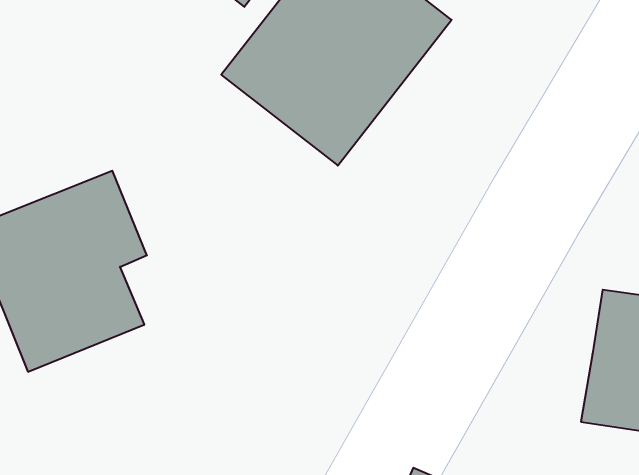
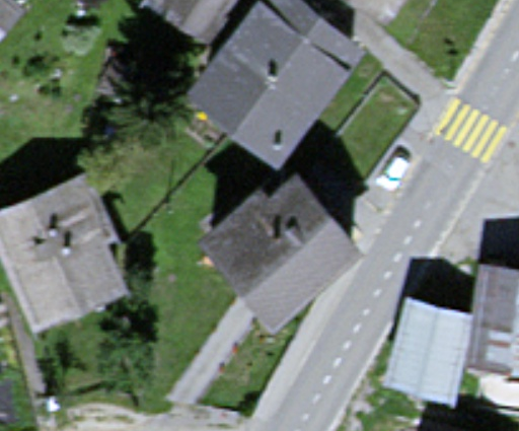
building: none -> [194,167,354,326]
building: none -> [386,299,477,405]

